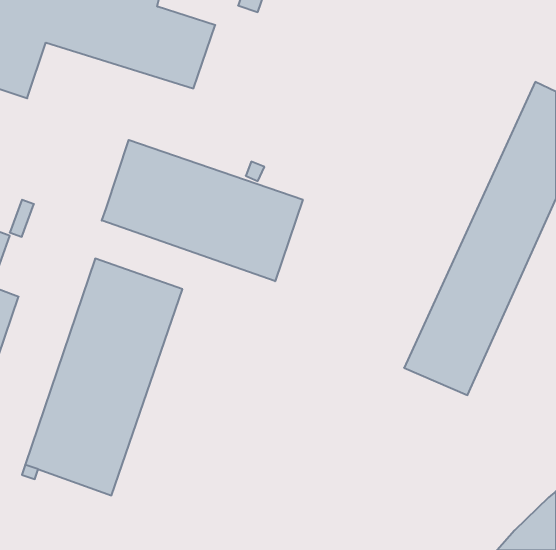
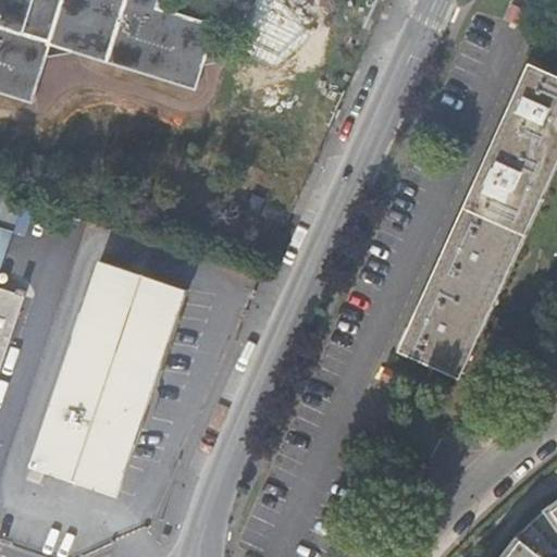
building: [102,140,303,281] -> none

